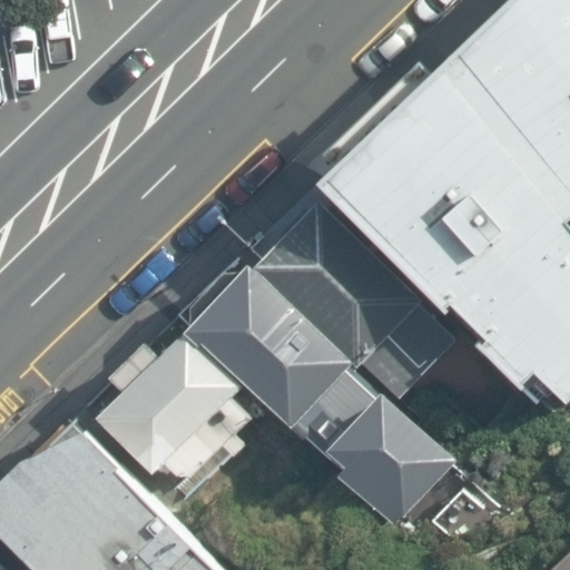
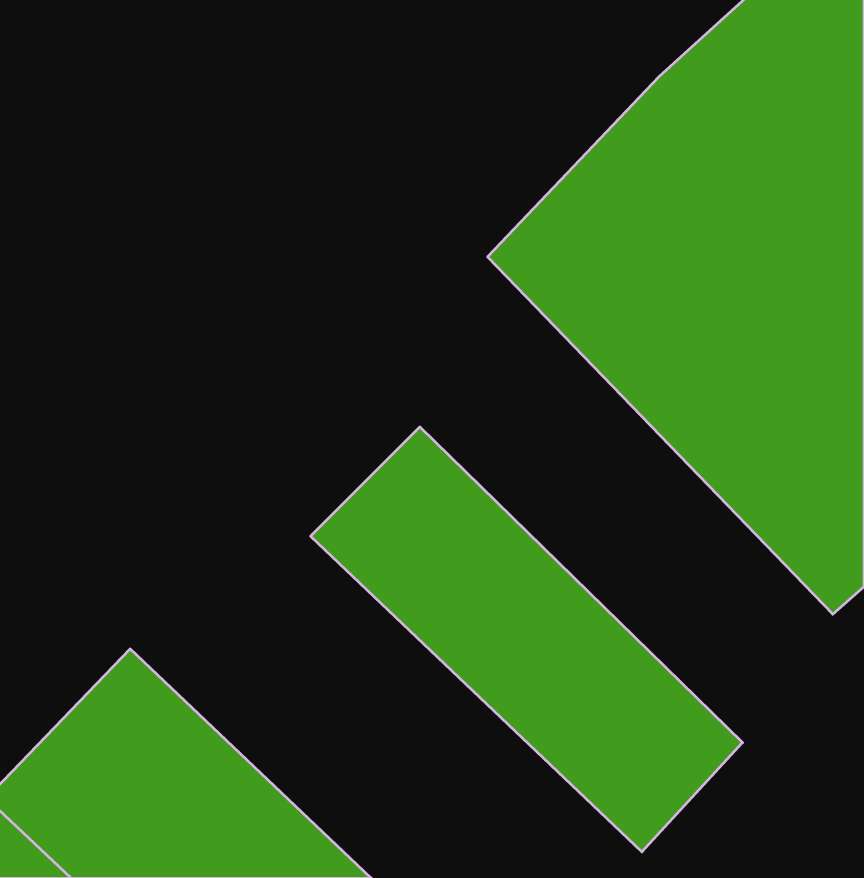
building: [276,214,455,386] -> none
building: [112,344,281,512] -> none

